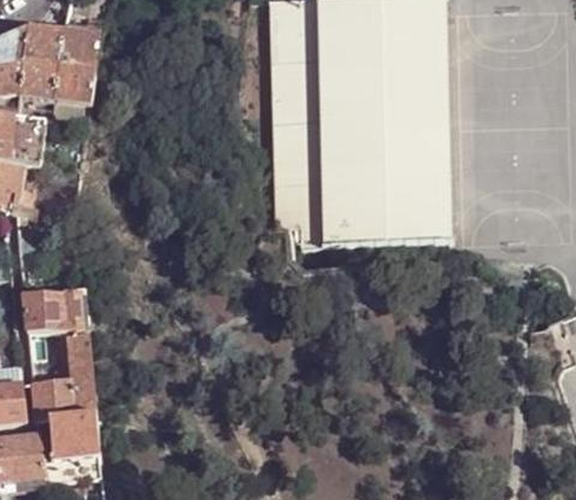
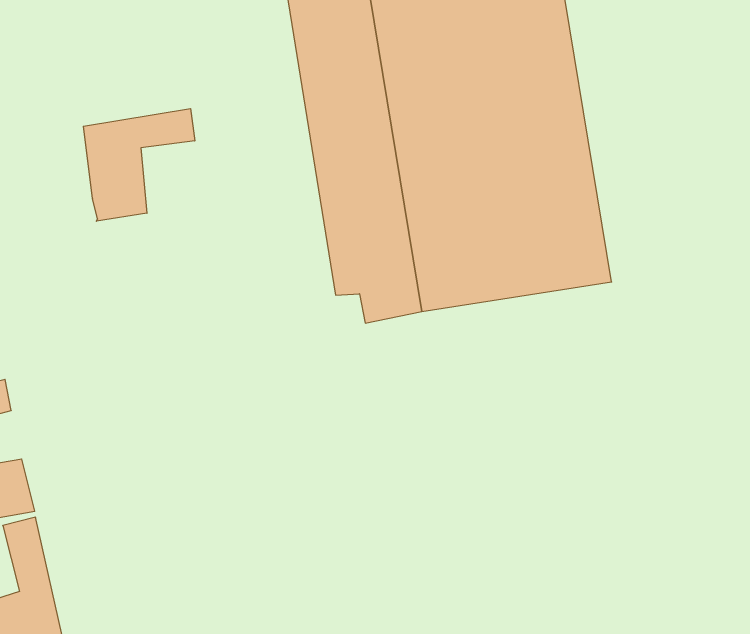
building: none -> [83,109,195,221]

